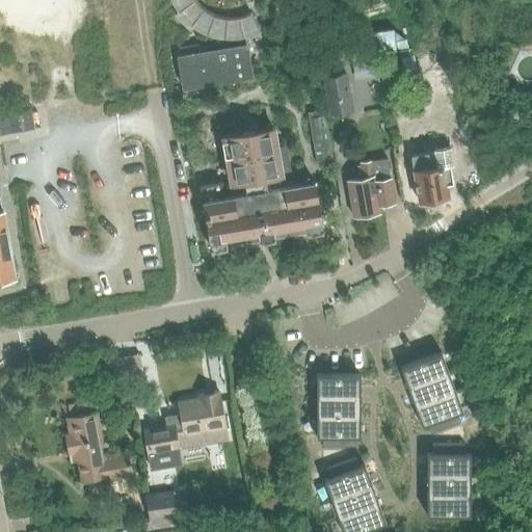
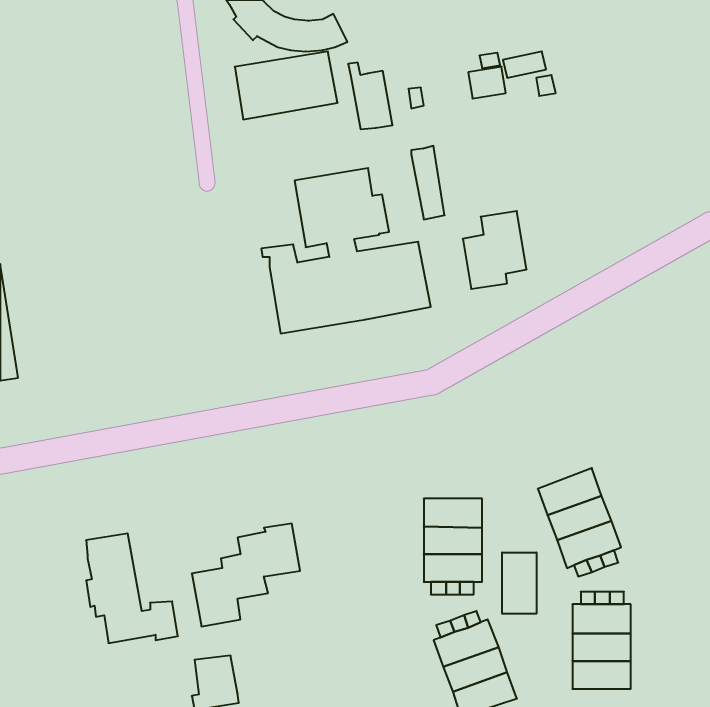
building: [320,66,353,116] -> [348,63,393,129]
building: [410,151,453,205] -> none
building: none -> [502,552,536,614]

